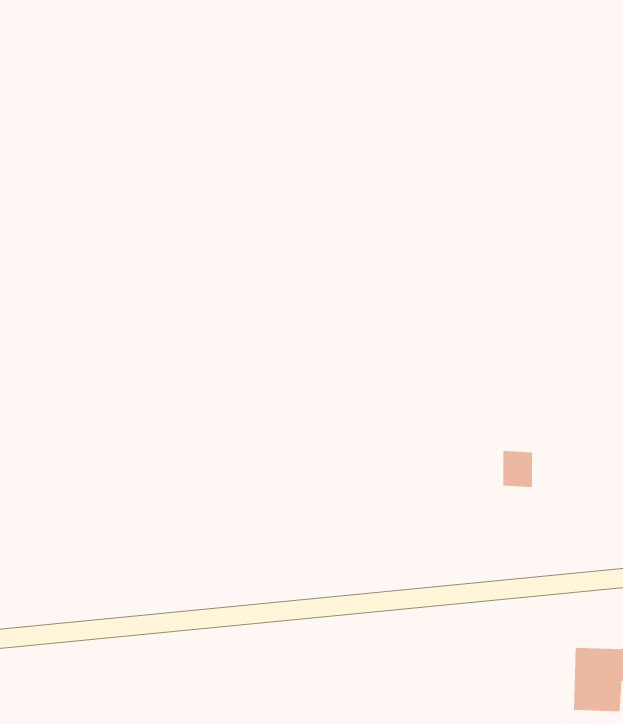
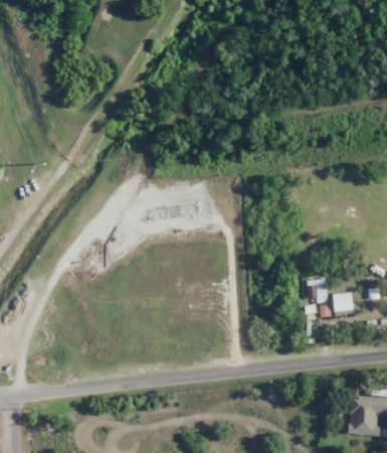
building: none -> [333,293,352,315]

